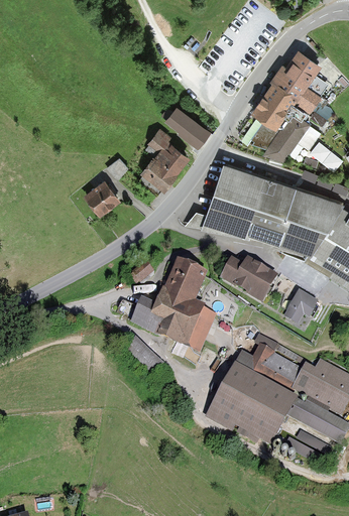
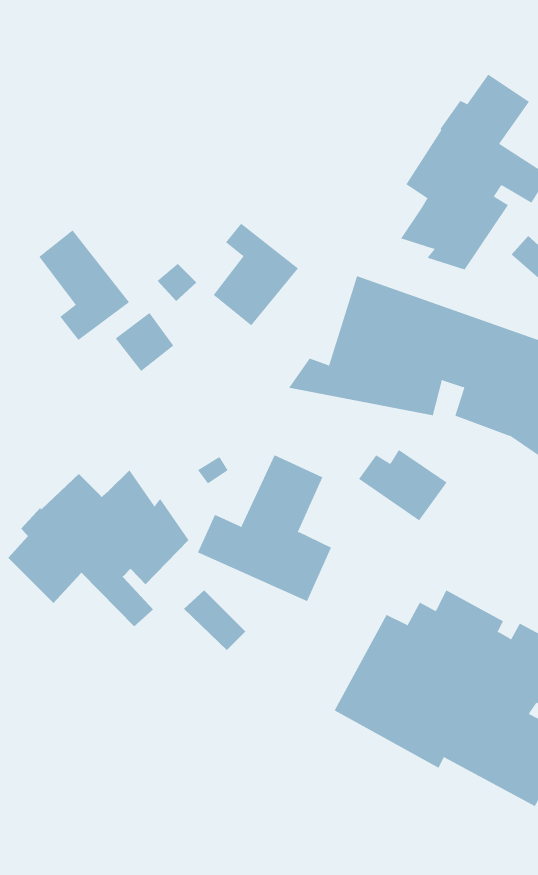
building: [163,108,207,146] -> none
building: none -> [38,230,130,341]
building: none -> [7,469,189,627]
building: [286,288,320,321] -> none

